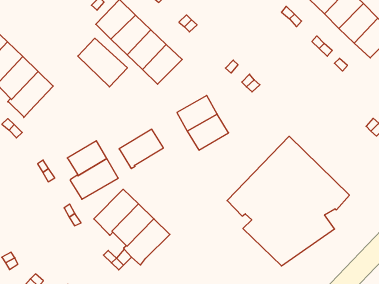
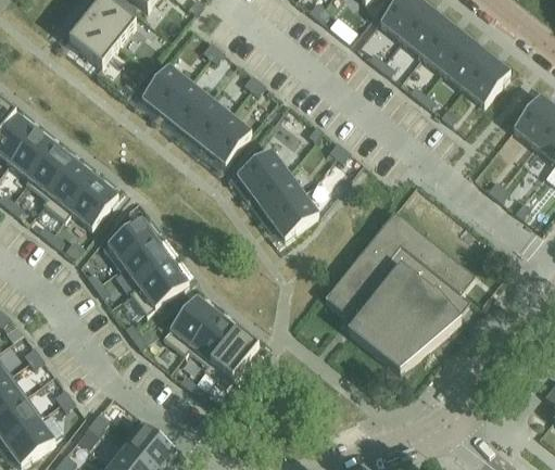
building: [78,38,127,87] -> none
building: none -> [236,148,287,194]
building: none -> [71,177,117,227]
building: [119,129,163,169] -> [102,217,156,268]

